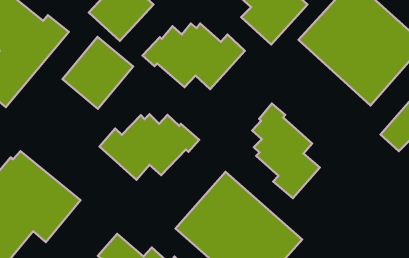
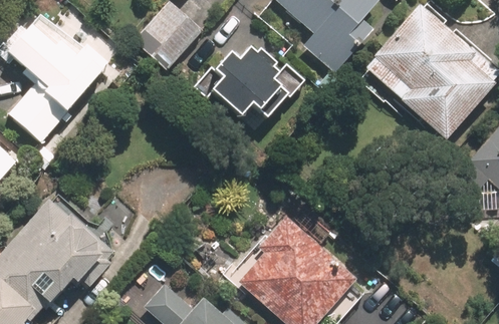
building: [62,37,133,109] -> none
building: [252,104,320,198] -> none
building: [100,114,199,180] -> none

